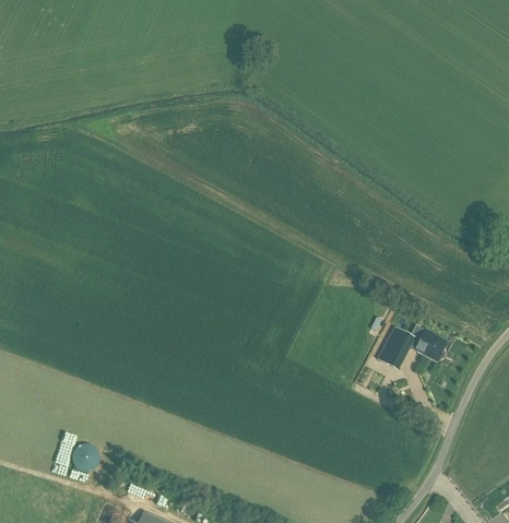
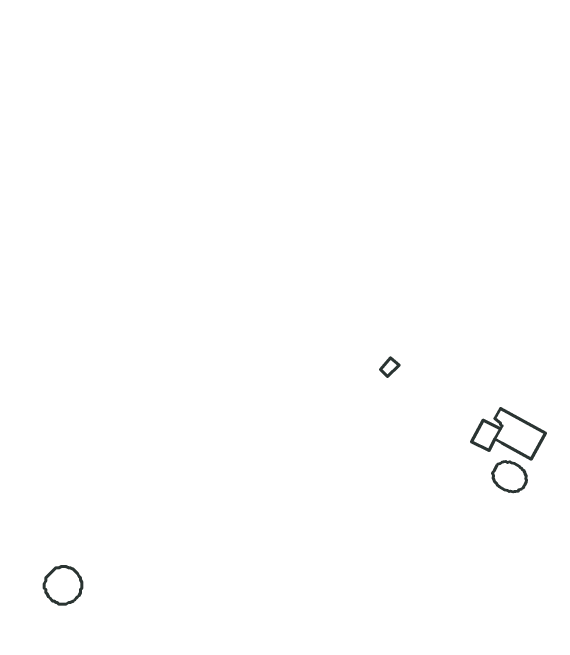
building: none -> [493,461,526,492]

